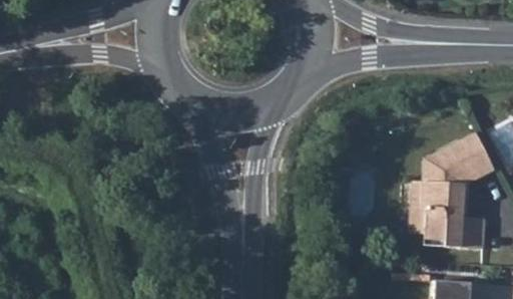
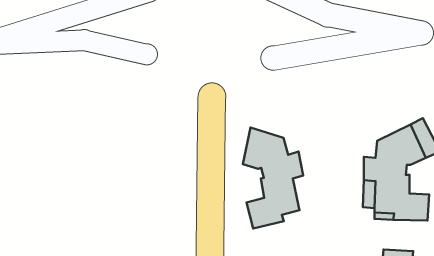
building: none -> [243,128,303,228]

